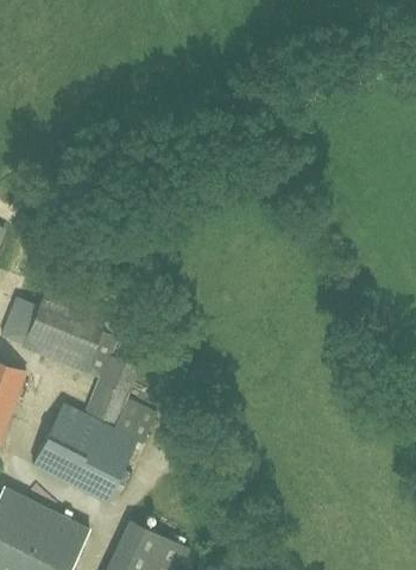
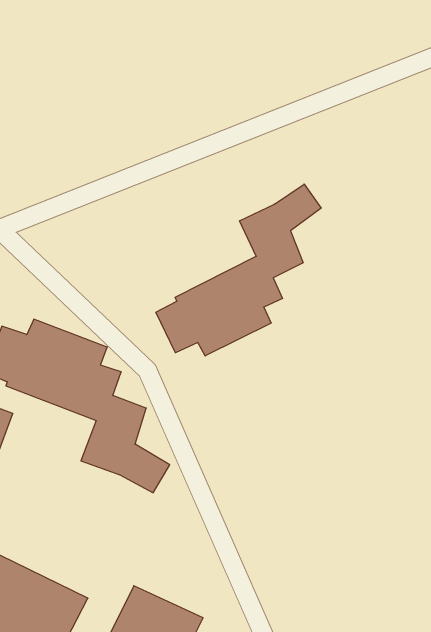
building: none -> [156,184,321,356]
building: [32,405,137,502] -> none

